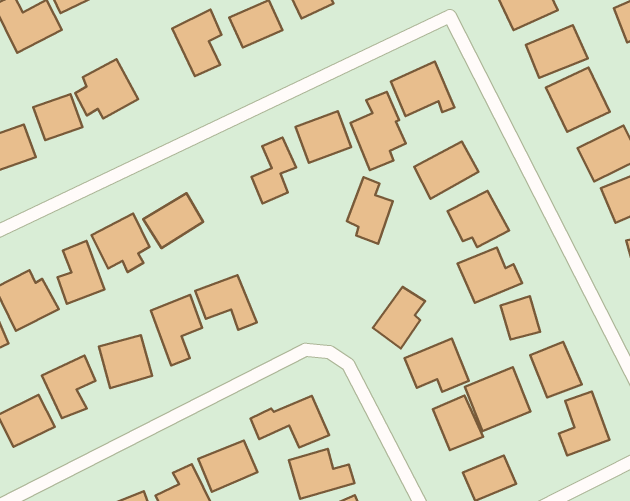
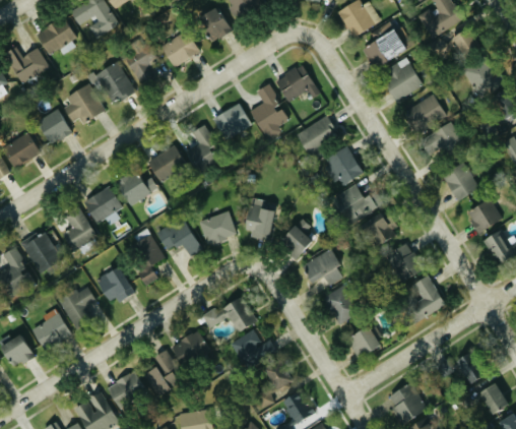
building: none -> [89,60,136,104]
building: none -> [147,143,187,182]
building: [347,177,393,244] -> [244,197,273,241]
building: none -> [199,210,237,245]
building: [465,367,530,431] -> none

